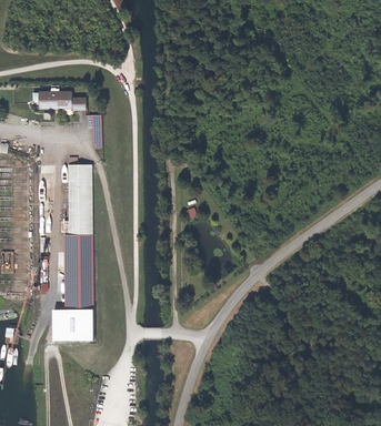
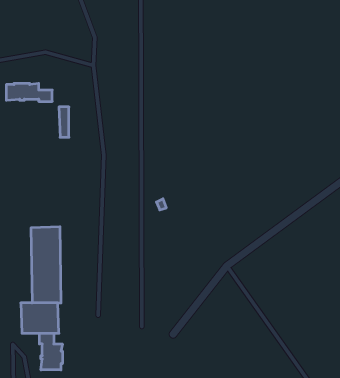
building: [63,165,92,235] -> none
building: none -> [39,333,62,370]

